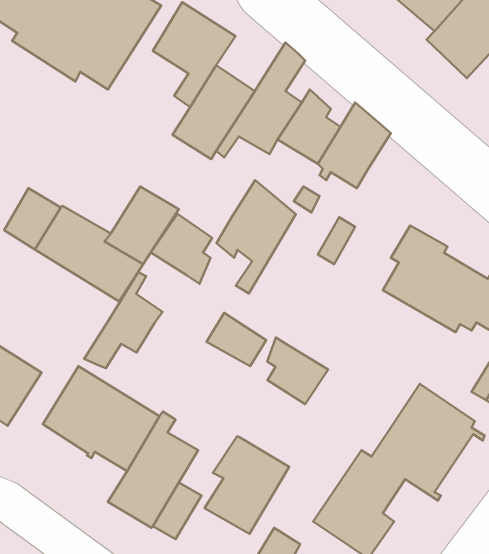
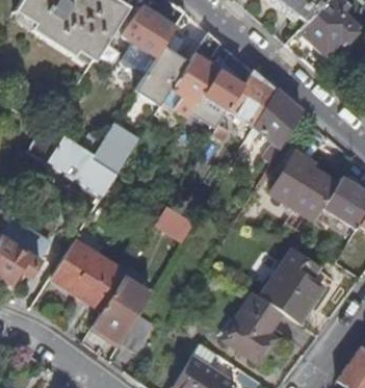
building: [216,180,296,293] -> [251,90,302,163]
building: [151,214,212,284] -> none
building: [84,272,162,368] -> none
building: [267,338,328,404] -> none
building: [204,436,289,534] -> none

